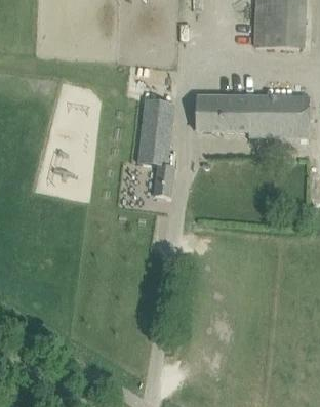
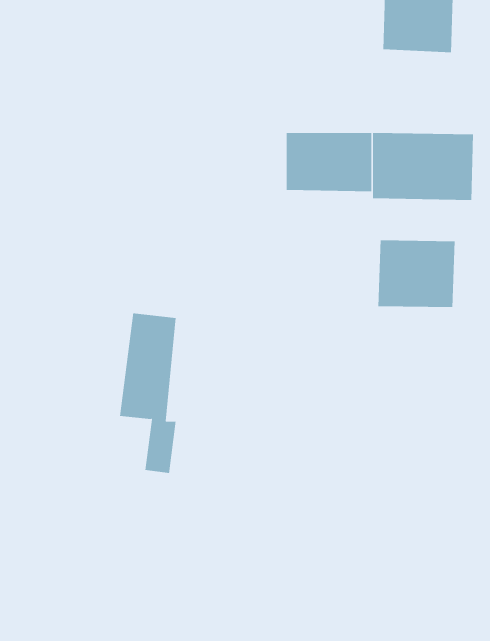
building: [138,99,173,197] -> [119,313,177,474]
building: none -> [378,239,455,308]

